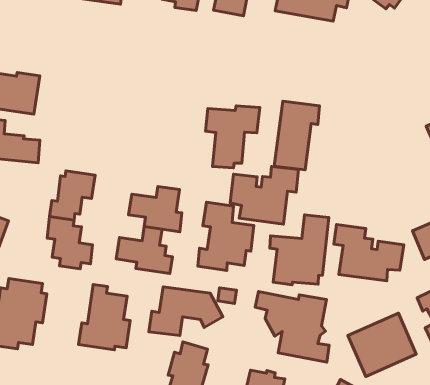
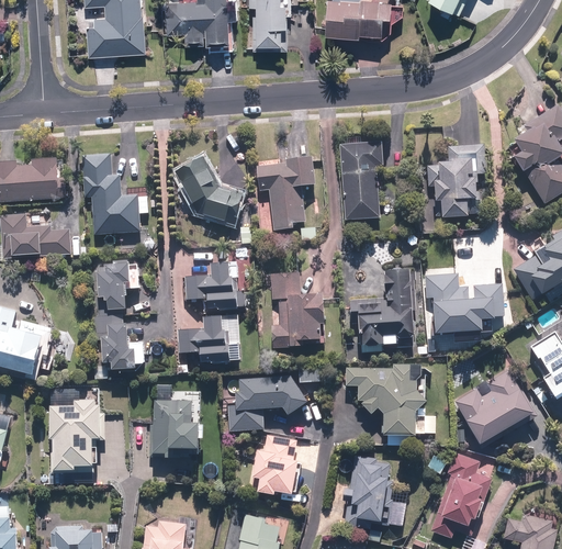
building: none -> [82,155,139,234]
building: none -> [173,157,243,221]
building: none -> [425,146,483,216]
building: [230,167,299,224] -> none

